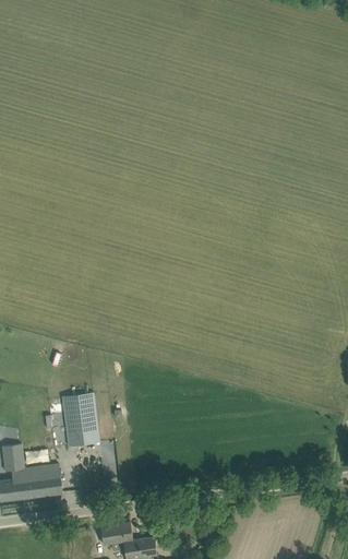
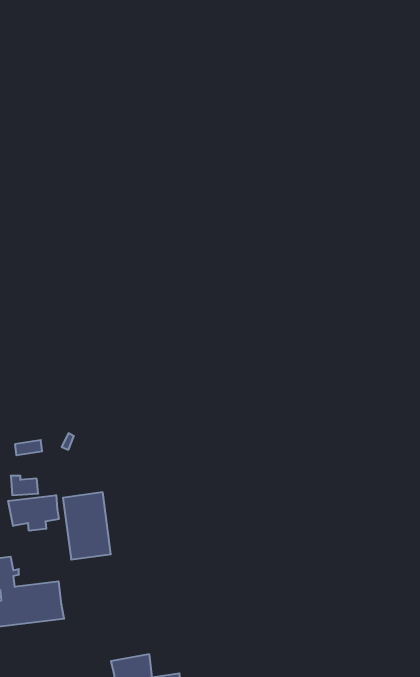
building: none -> [8,495,59,531]

